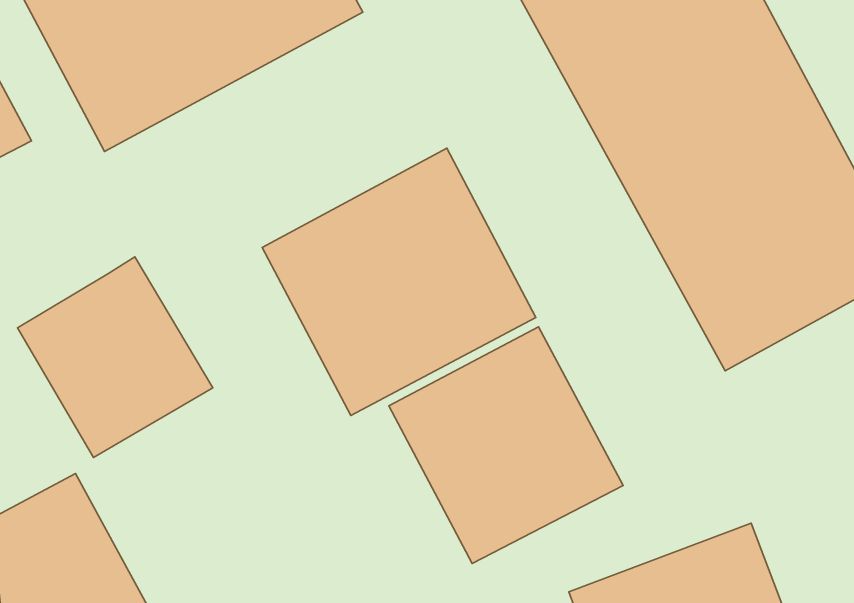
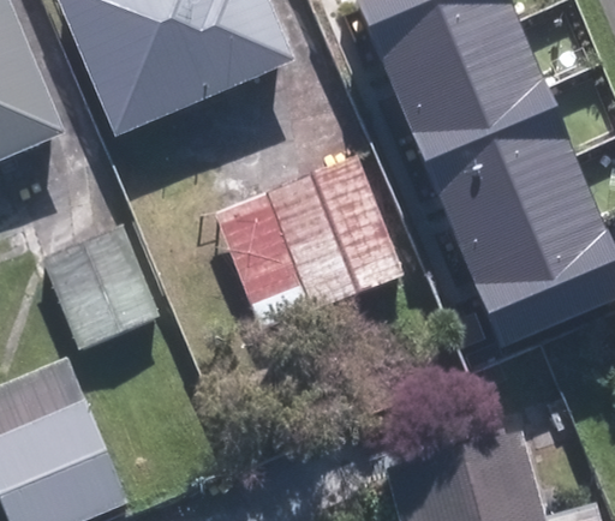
building: [389,327,623,564] -> none

